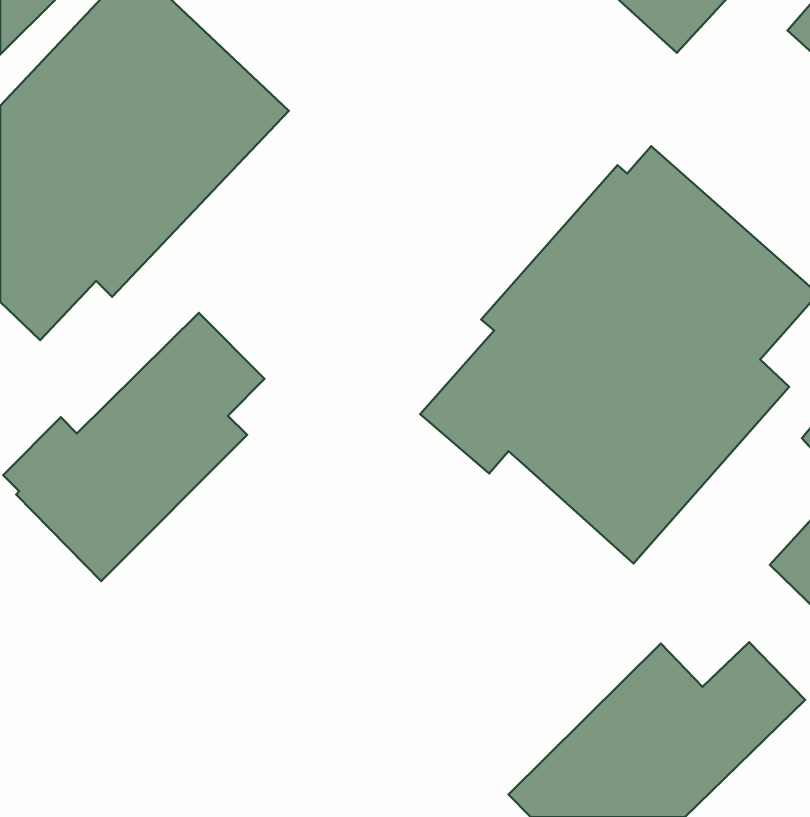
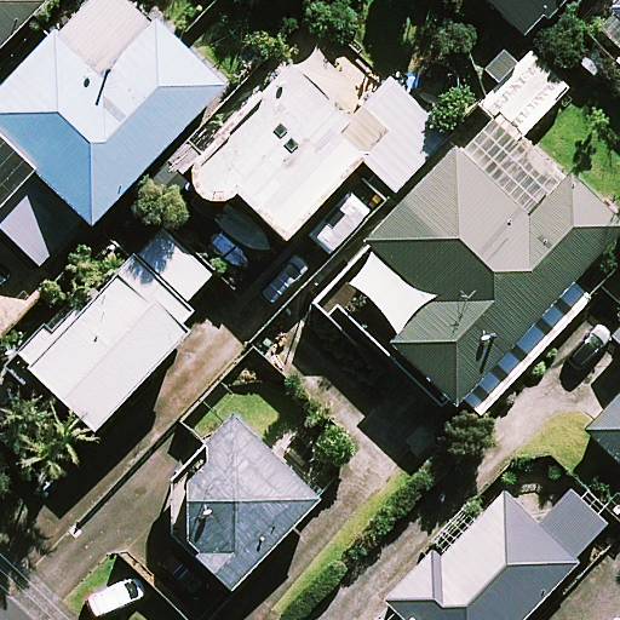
building: none -> [184,68,444,243]
building: none -> [171,414,318,585]

